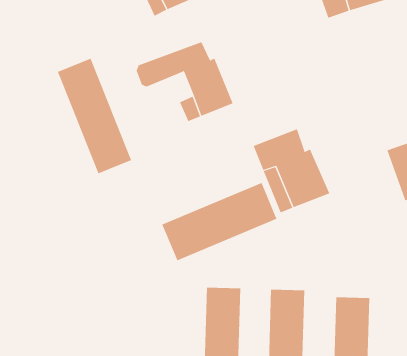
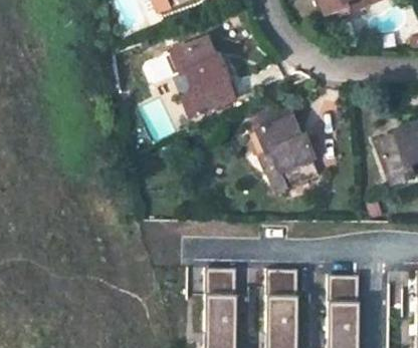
building: [57,58,132,174] -> none
building: [162,182,277,261] -> none

